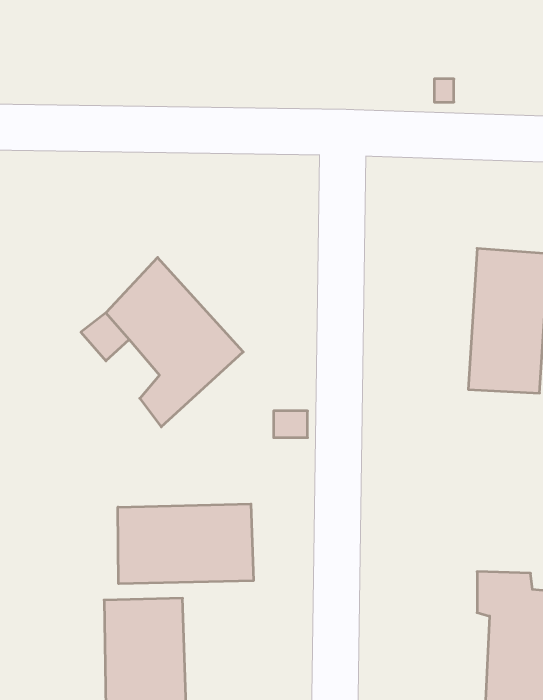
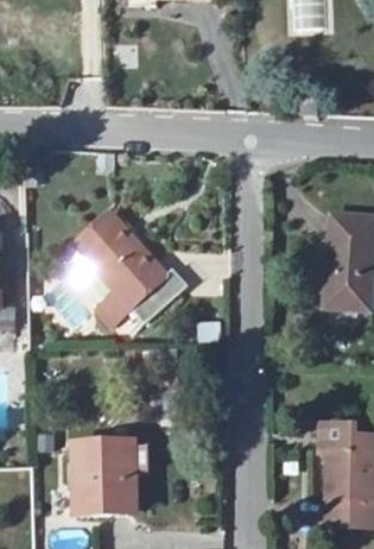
building: [118,504,253,584] -> none

